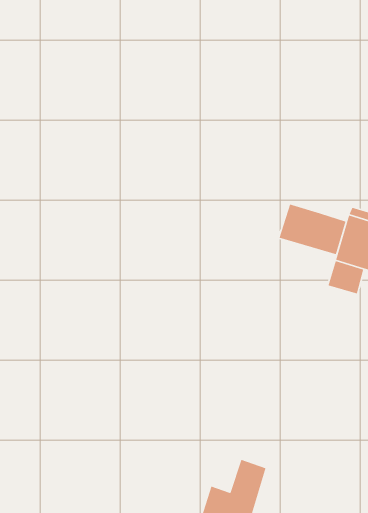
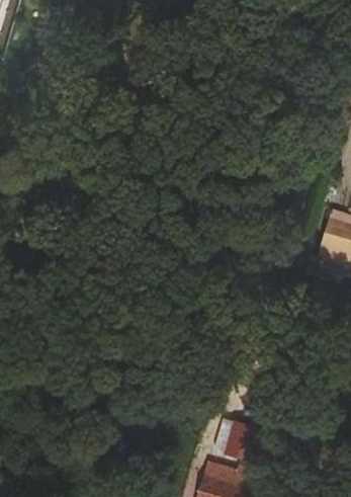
building: [279,203,347,255] -> none

